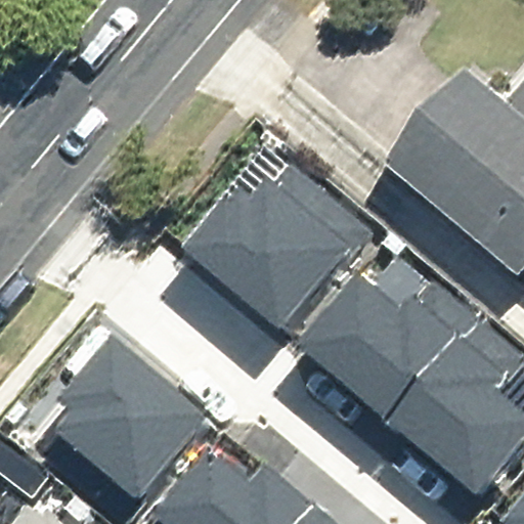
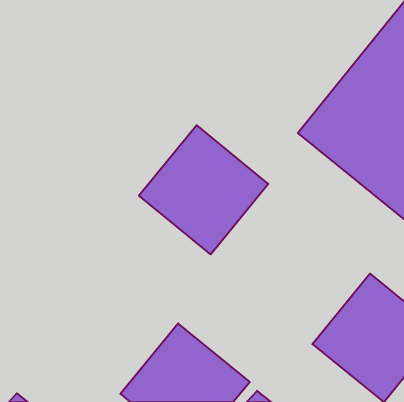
building: [294,253,460,418] -> none
building: [58,333,223,497] -> none

